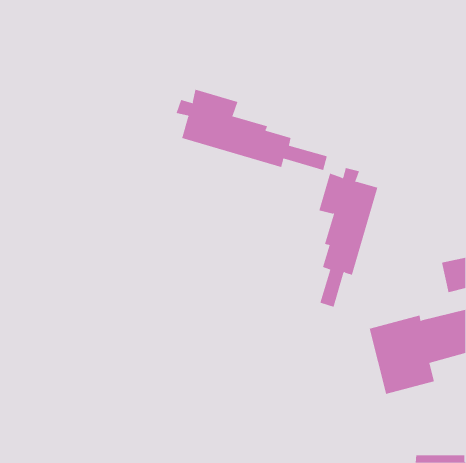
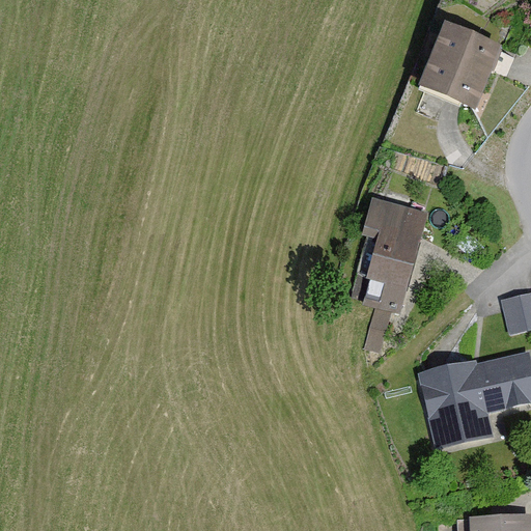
building: none -> [421,22,503,108]
building: [176,89,327,171] -> none

